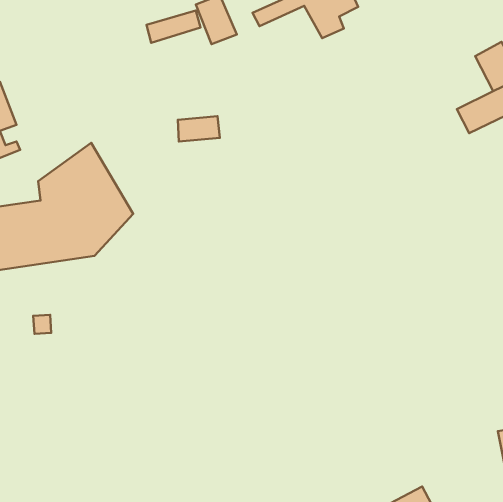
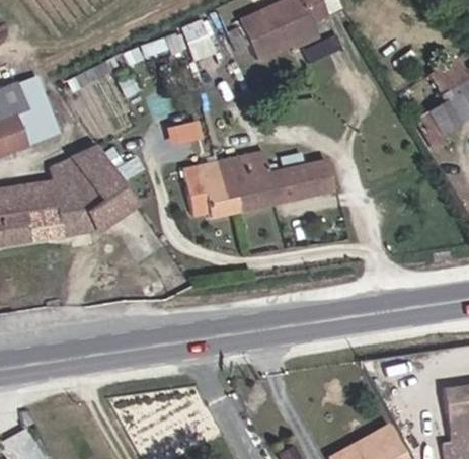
building: none -> [243,23,296,69]
building: none -> [179,152,327,211]

